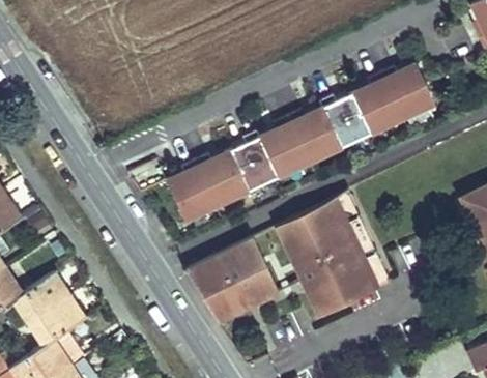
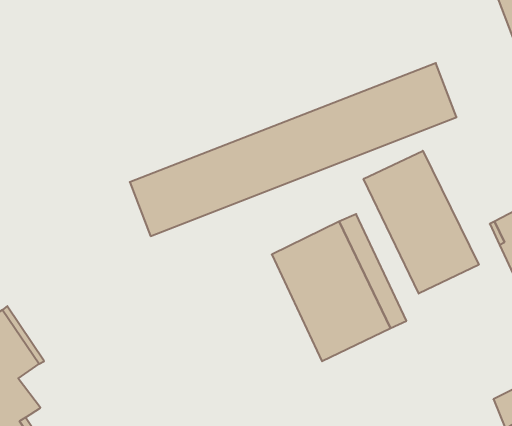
building: none -> [364,151,479,294]
building: [187,236,294,323] -> none

